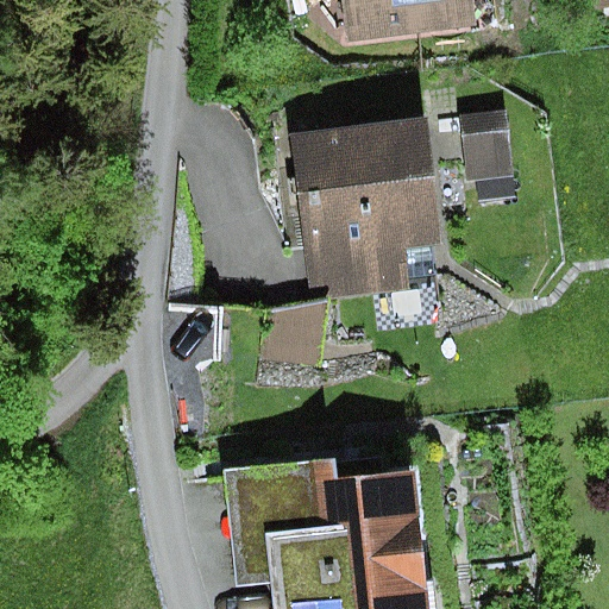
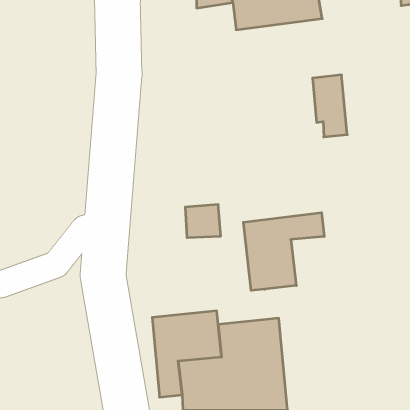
building: [291,115,440,299] -> none
building: none -> [243,213,324,290]

